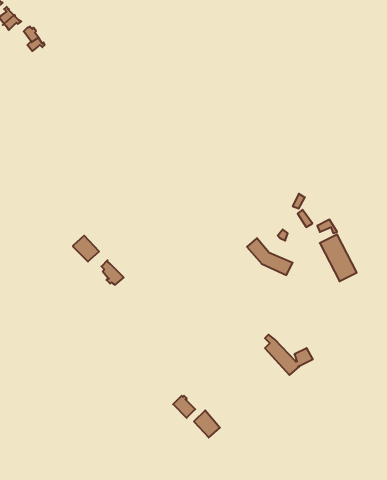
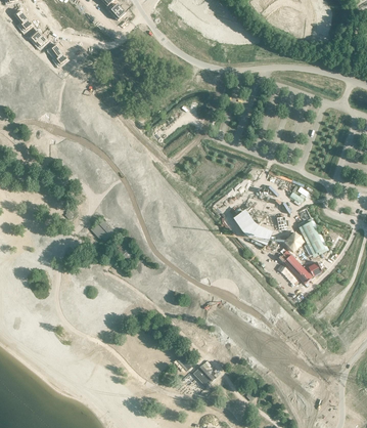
building: [265,335,313,375] -> [282,249,322,283]

